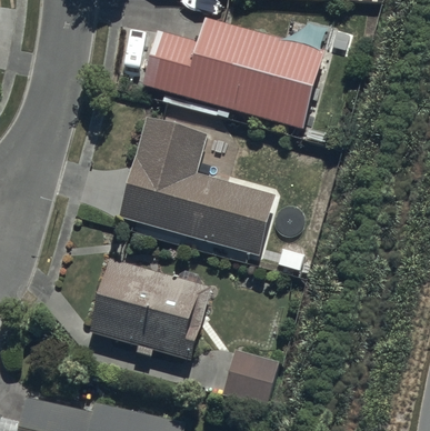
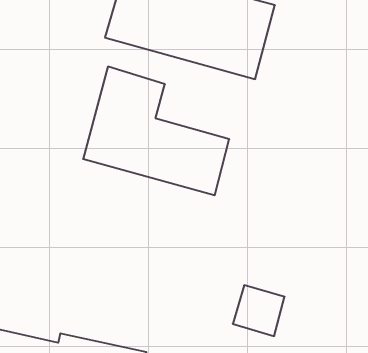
building: [89,259,211,358] -> none
building: [222,350,278,404] -> [233,285,285,336]

